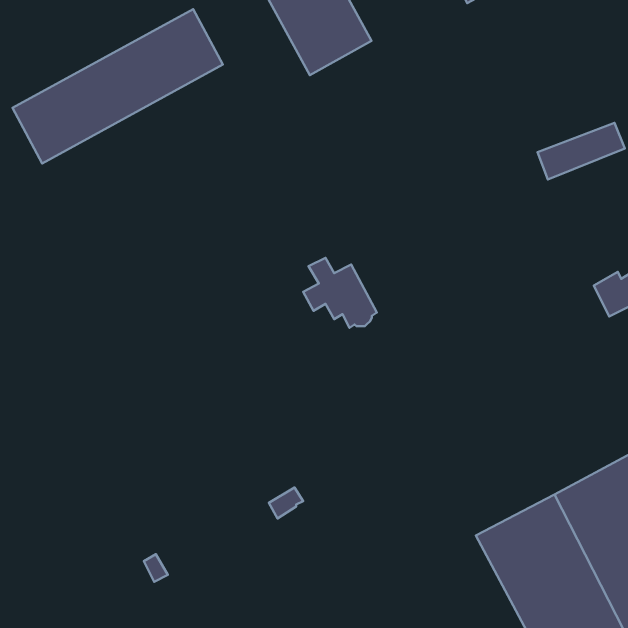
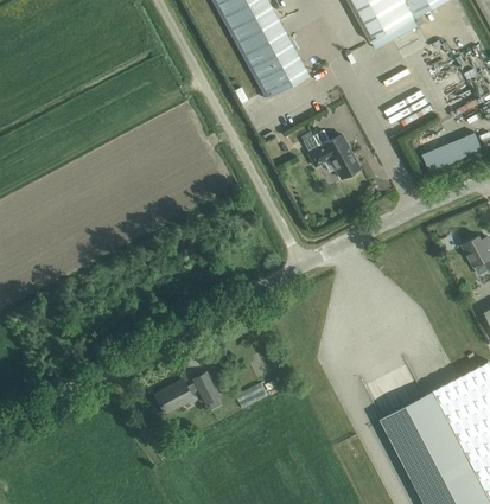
building: [12,9,223,164] -> none
building: [303,258,377,328] -> [308,129,359,178]
building: none -> [154,371,221,412]

